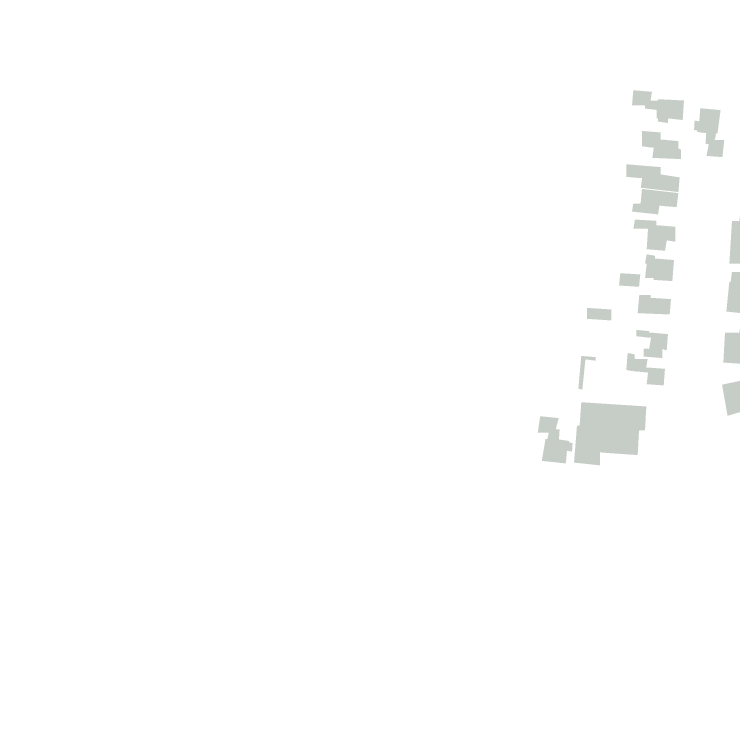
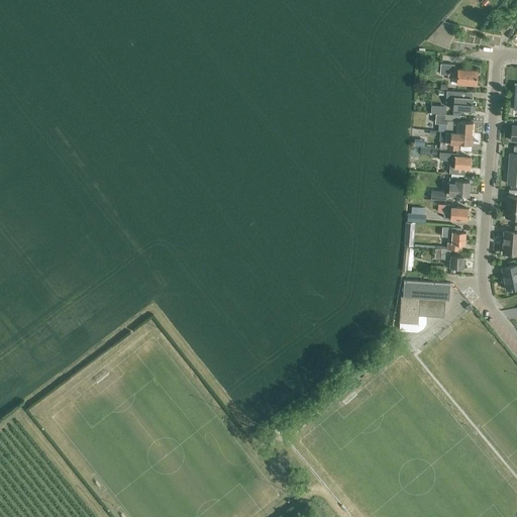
building: [694,107,725,158] -> none
building: [537,416,573,464] -> none

